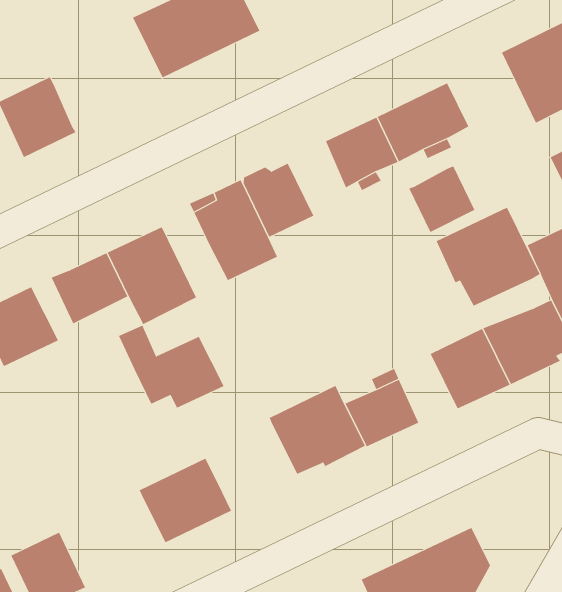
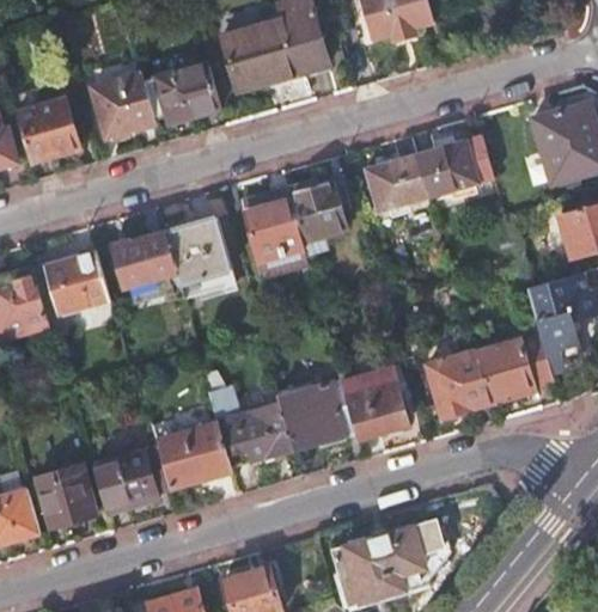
building: none -> [144,63,220,122]
building: [408,165,475,233] -> none
building: [436,207,540,307] -> none
building: [118,325,224,408] -> [210,385,294,461]
building: none -> [96,448,171,510]

